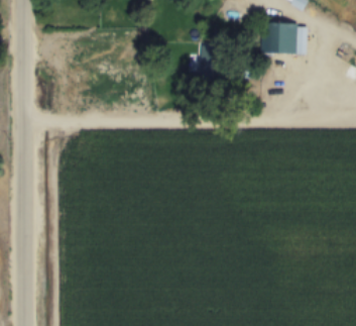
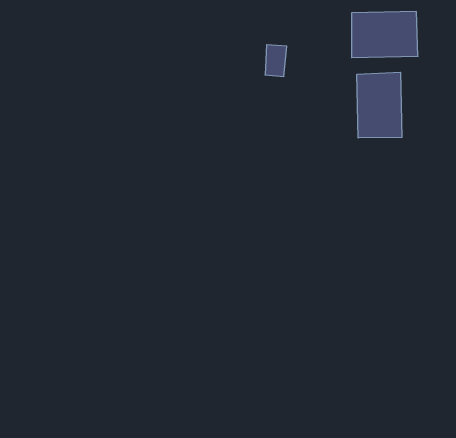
building: none -> [357,72,402,138]

